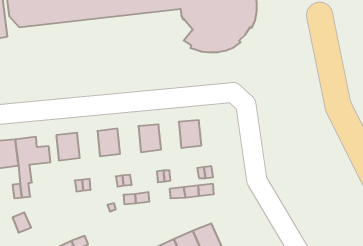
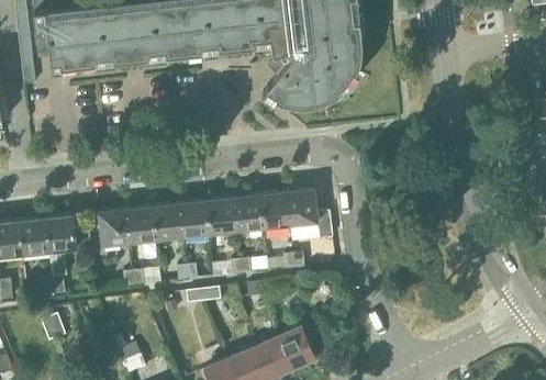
building: none -> [286,189,333,238]
building: none -> [233,194,263,231]
building: none -> [179,200,210,236]
building: none -> [126,206,156,242]

